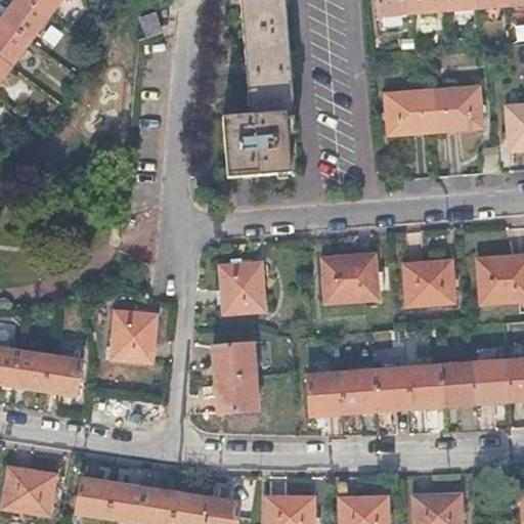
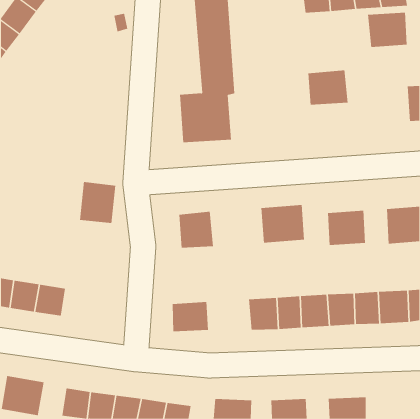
building: [430,84,480,128] -> [367,12,407,47]
building: [112,310,158,362] -> [79,182,116,223]
building: [212,341,258,379] -> none

